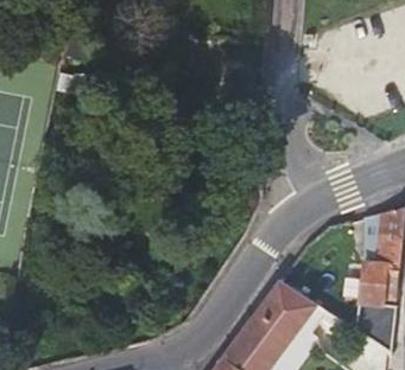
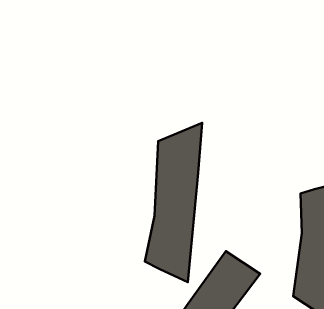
building: none -> [145,123,202,282]

